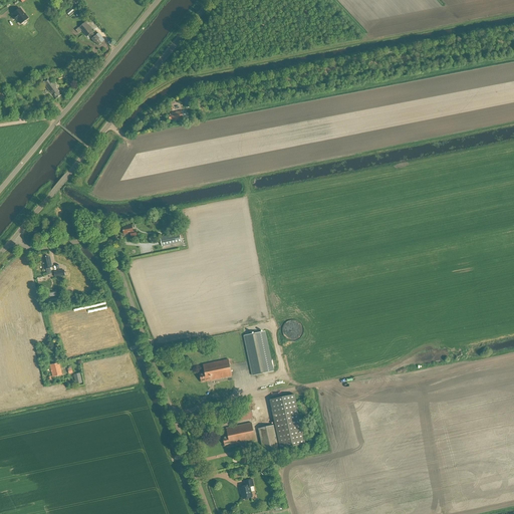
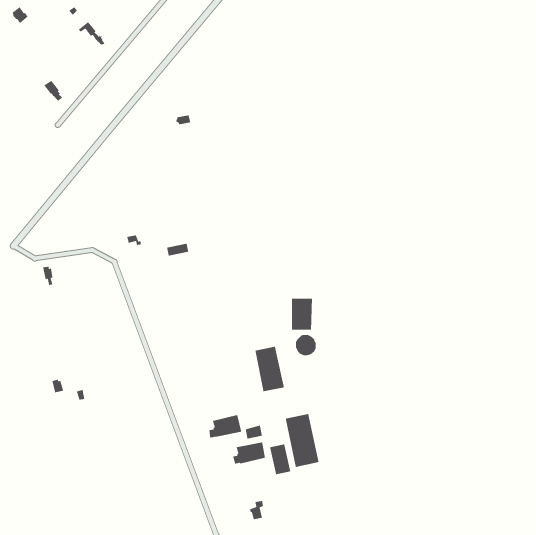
building: none -> [291,298,313,331]
building: [199,357,231,380] -> [209,414,242,438]

